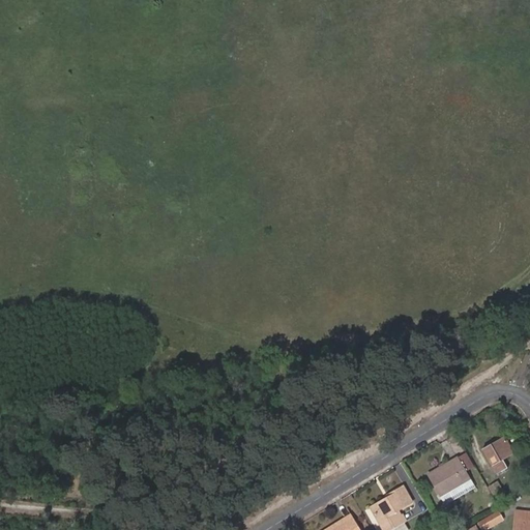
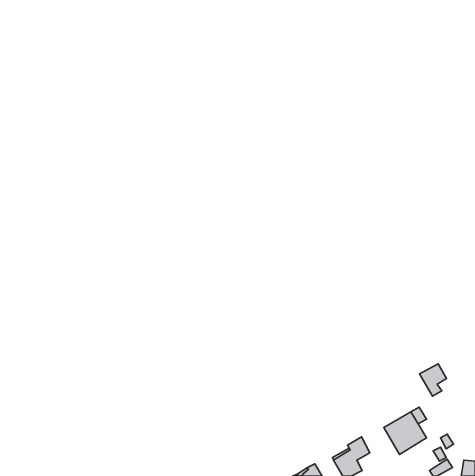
building: [482,437,512,473] -> [419,364,446,396]

